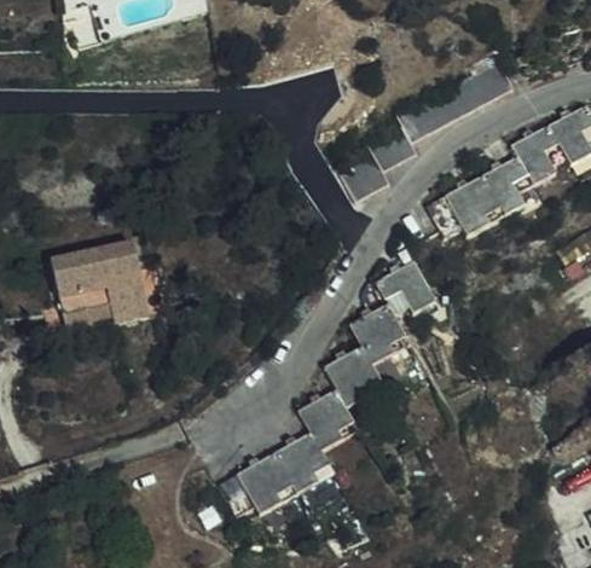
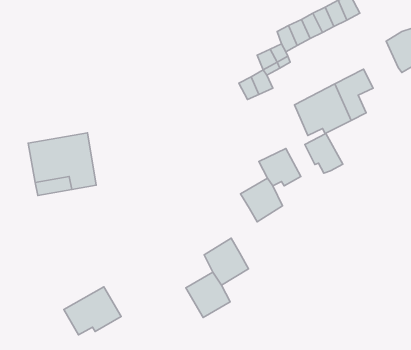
building: [512,114,568,179] -> none
building: none -> [305,133,343,173]
building: [324,346,384,407] -> none
building: [218,456,297,522] -> [64,287,121,335]

